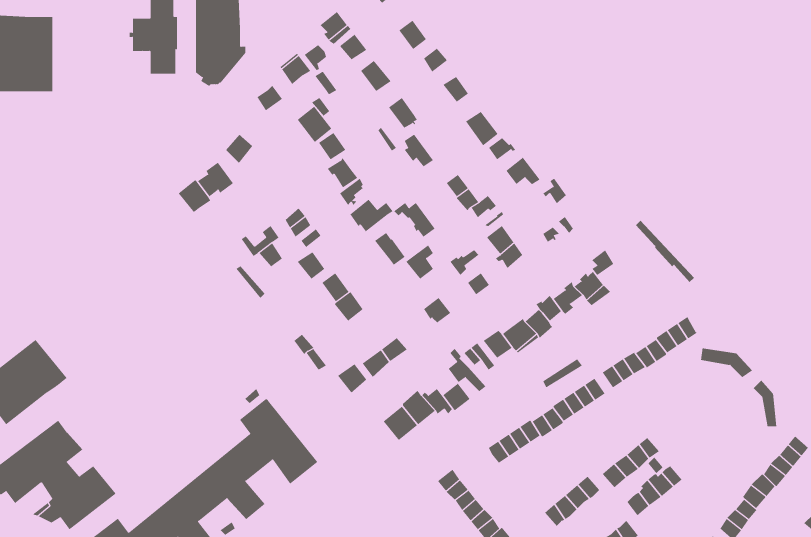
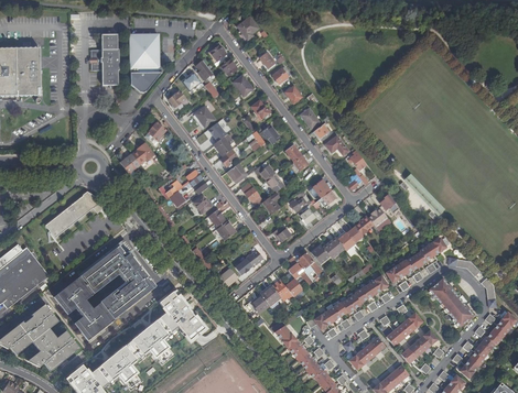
building: none -> [45,193,102,238]
building: none -> [53,243,157,339]
building: none -> [430,277,474,326]

